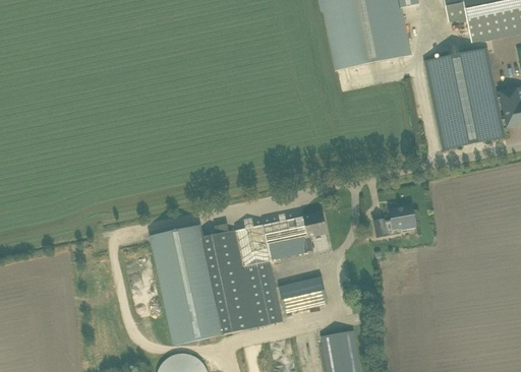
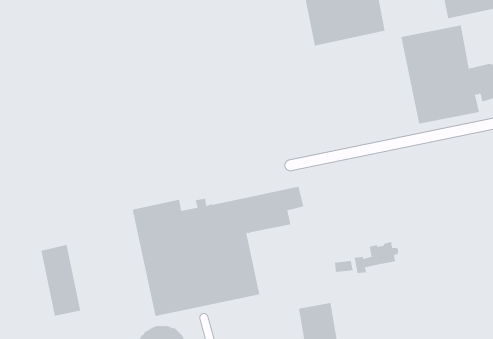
building: [372,203,418,236] -> [354,241,399,274]
building: none -> [41,244,81,316]
building: [278,275,327,312] -> none

